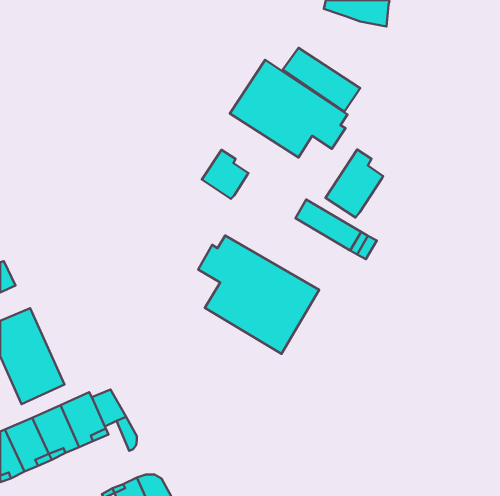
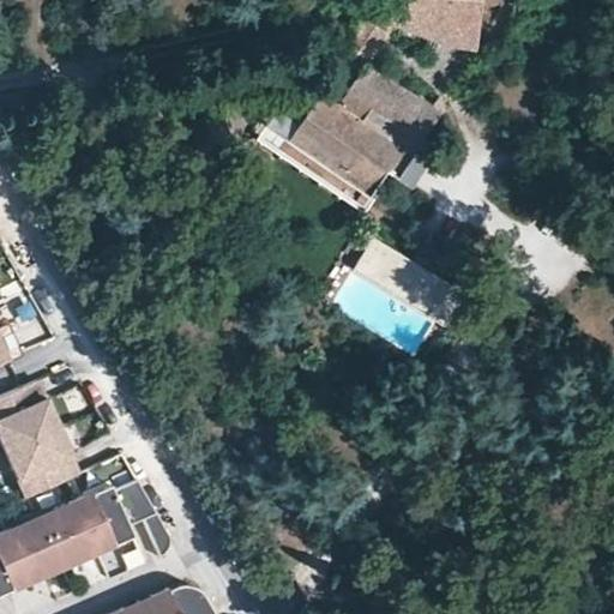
building: [325,149,383,218] -> none
building: [202,150,248,199] -> none
building: [198,236,319,354] -> none

